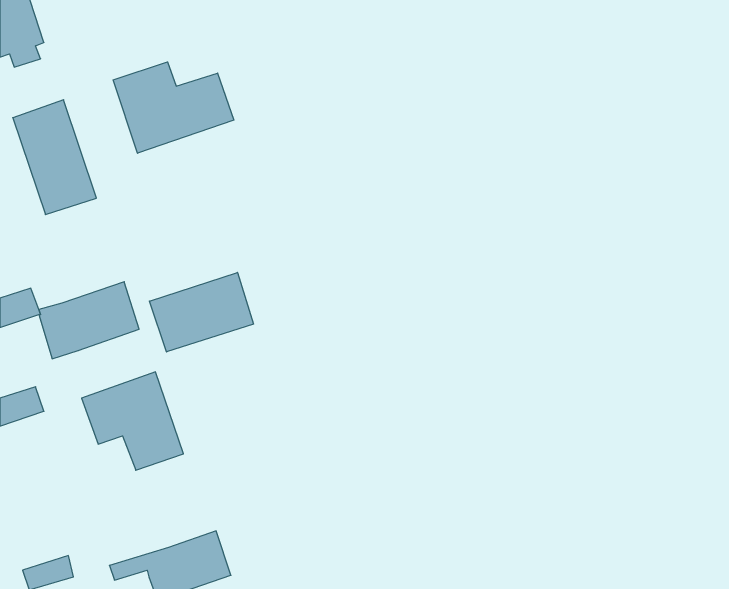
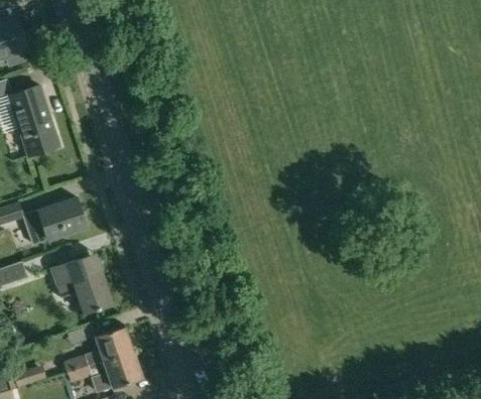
building: [113,62,234,153] -> none
building: [149,272,253,352] -> none
building: none -> [65,325,133,371]

